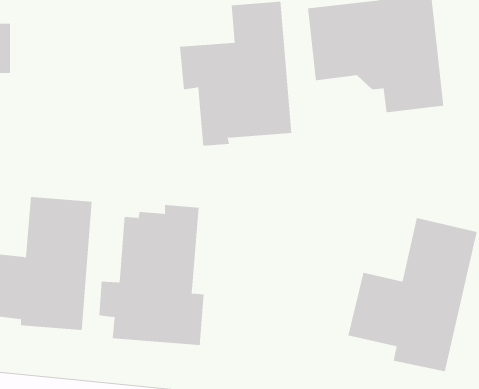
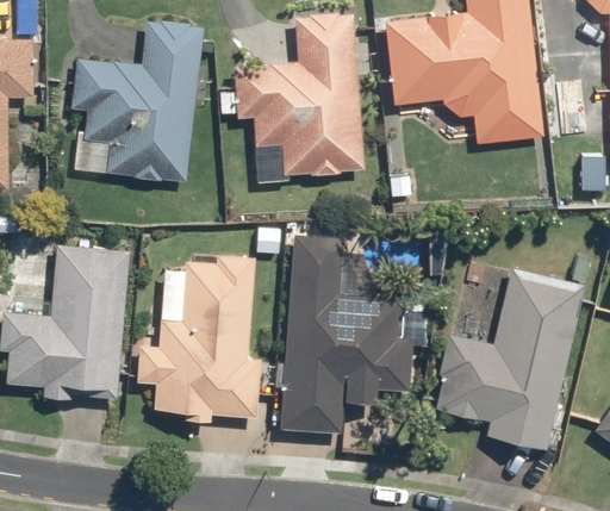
building: none -> [69,20,205,183]
building: none -> [278,232,413,435]

